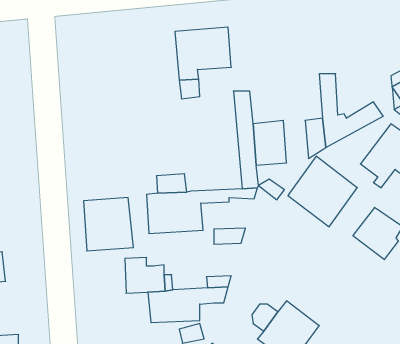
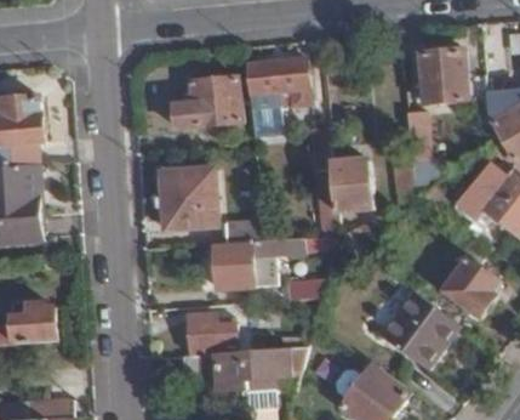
building: none -> [419,45,486,101]
building: none -> [175,76,241,126]
building: [288,156,357,227] -> [381,289,458,368]
building: [84,198,133,251] -> [161,169,217,228]

